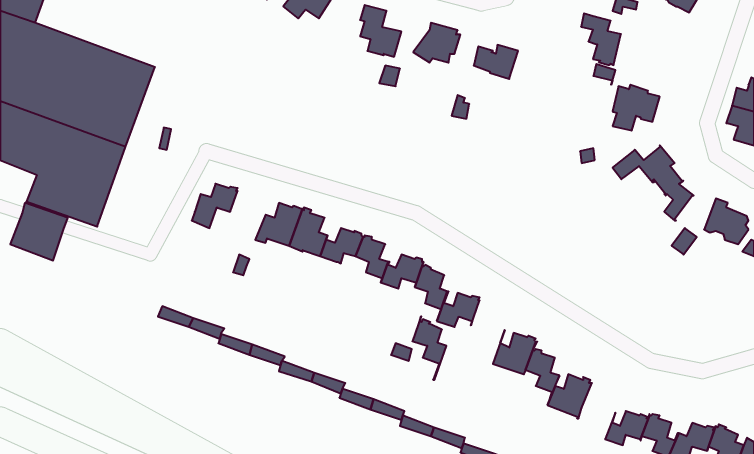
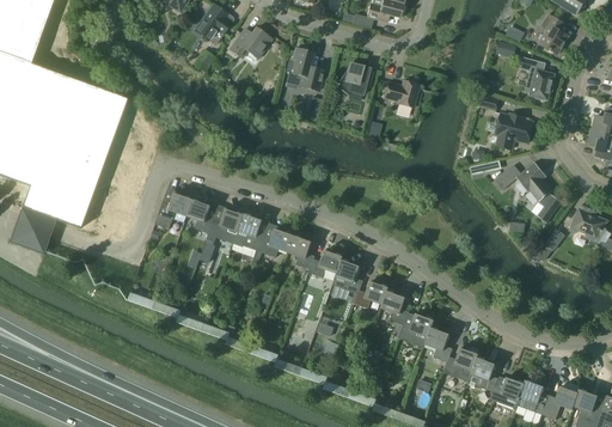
building: [581,13,621,65] -> [521,57,553,99]
building: none -> [186,197,215,238]
building: [412,316,446,380] -> [381,287,409,338]
building: none -> [469,354,498,399]

